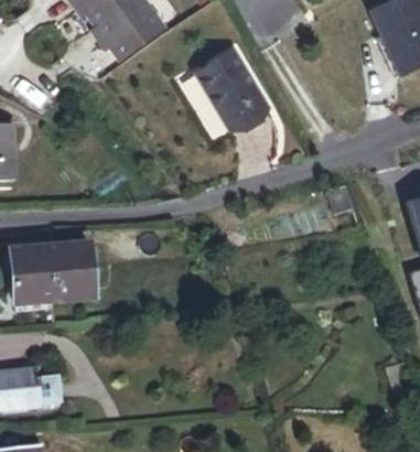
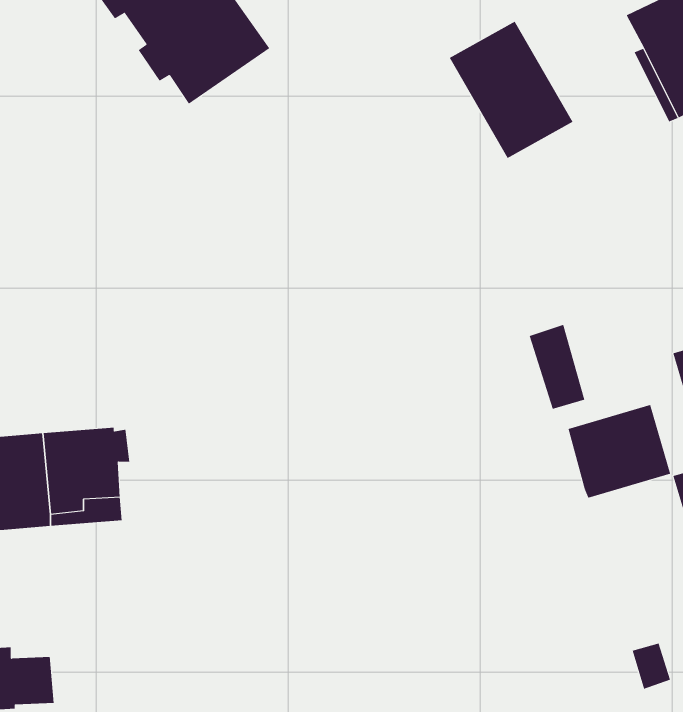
building: [189,55,259,133] -> [449,21,573,159]
building: none -> [568,404,671,498]

